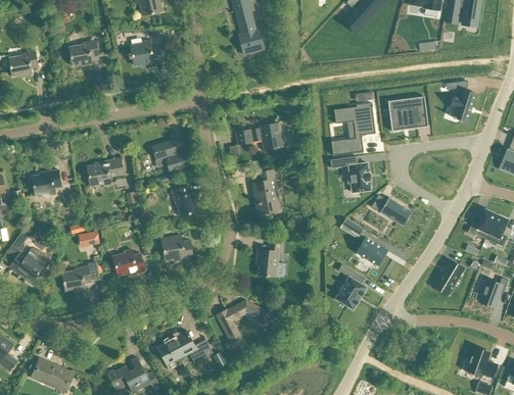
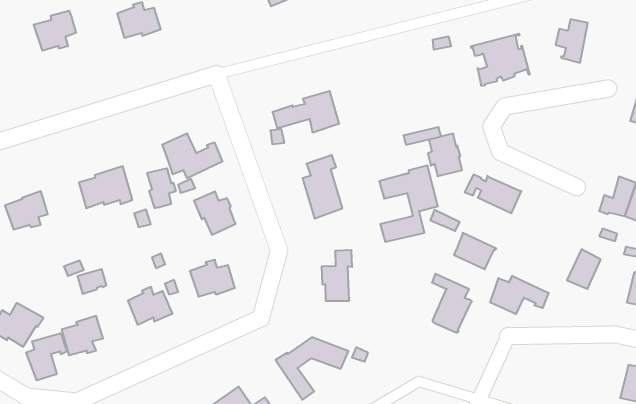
building: [331,102,375,154] -> [379,166,438,242]
building: none -> [147,168,176,208]
building: none -> [490,276,549,314]
building: none -> [26,333,67,380]

